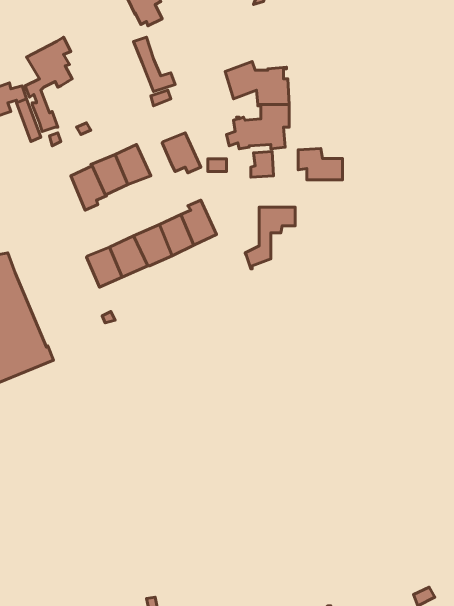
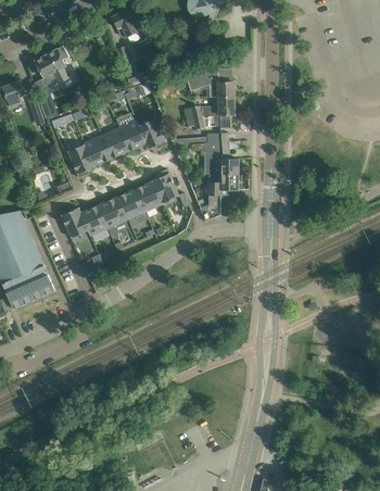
building: none -> [117,119,144,151]
building: [298,148,342,180] -> [204,151,238,175]
building: none -> [59,206,87,238]

